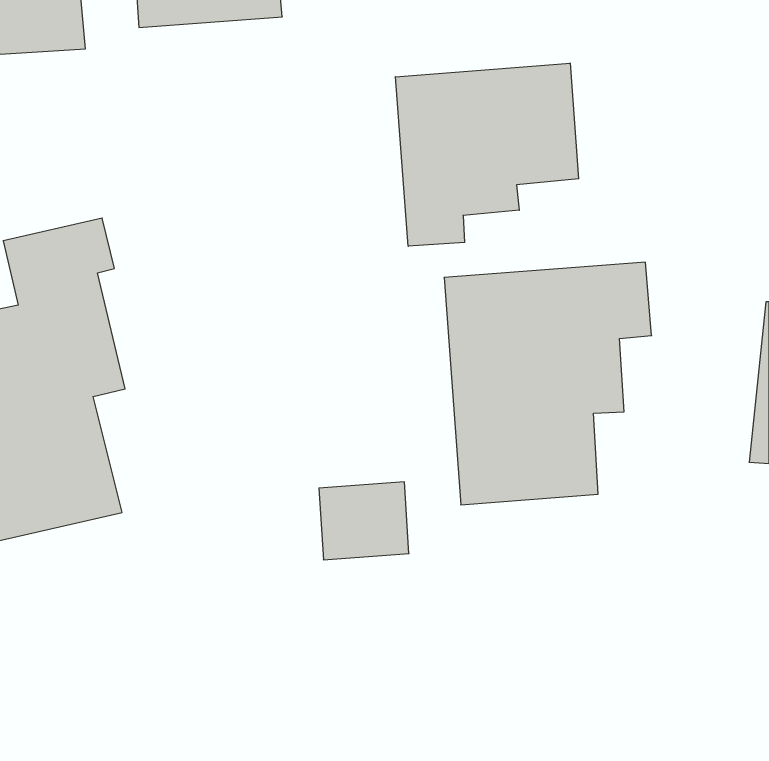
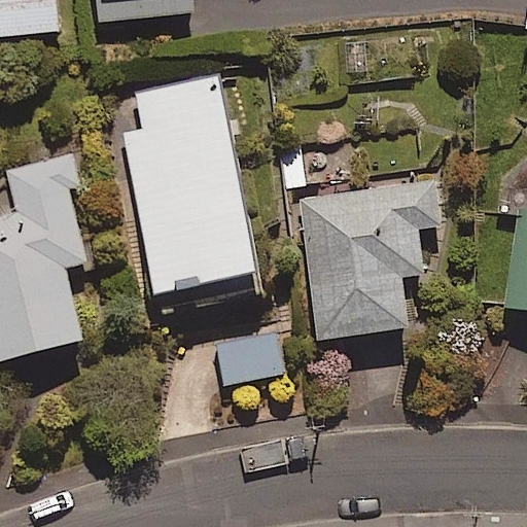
building: [395,63,579,246] -> none
building: none -> [129,91,261,310]

